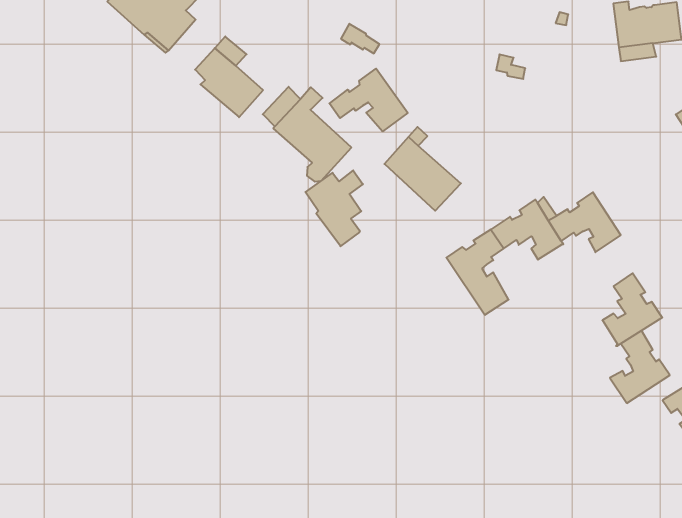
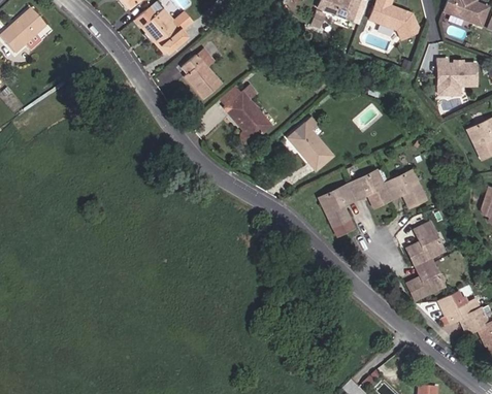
building: [329,69,408,131] -> none
building: [305,170,363,246] -> none

